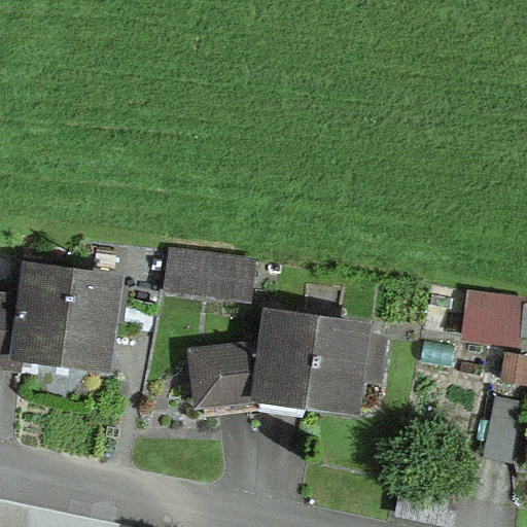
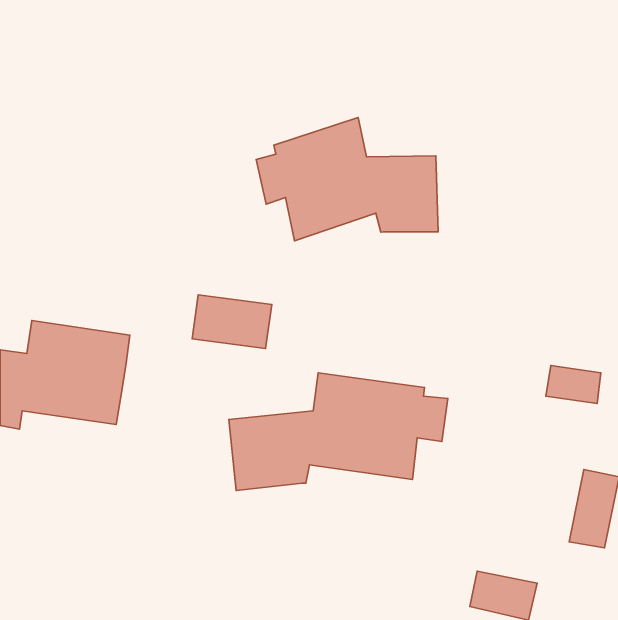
building: none -> [256,117,438,241]

